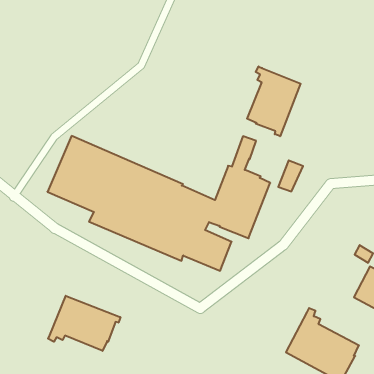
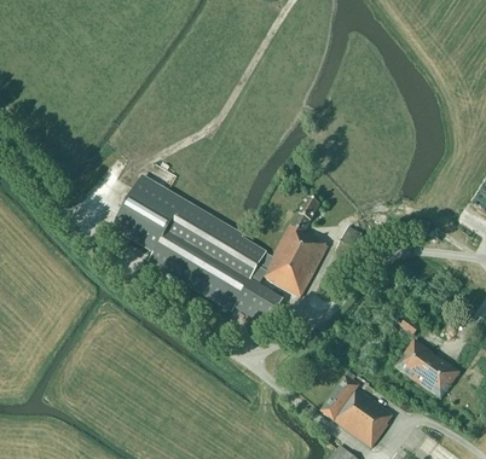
building: [247,66,301,136] -> none
building: [48,296,120,351] -> none

